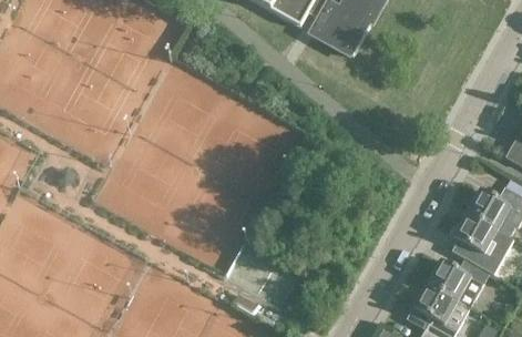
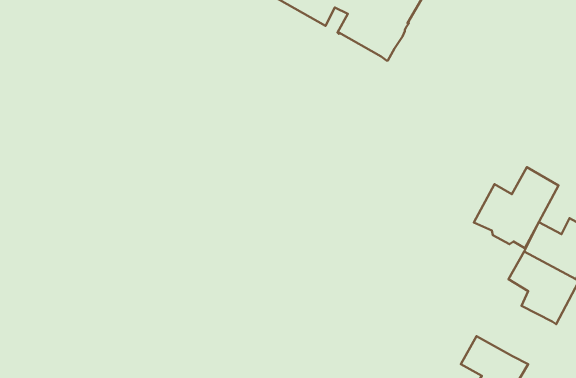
building: none -> [474,167,559,248]
building: [427,261,490,309] -> none

